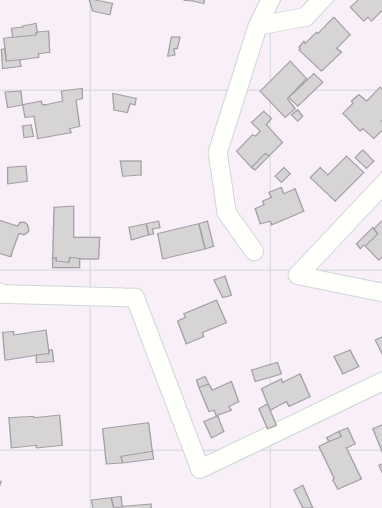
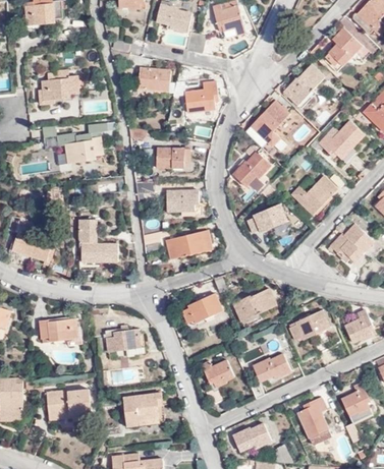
building: none -> [138,68,170,92]
building: none -> [184,80,219,112]
building: none -> [157,148,190,168]
building: none -> [166,191,201,216]
building: none -> [232,289,276,330]
building: none -> [289,311,328,341]
building: none -> [97,329,142,356]
building: none -> [232,424,271,452]

